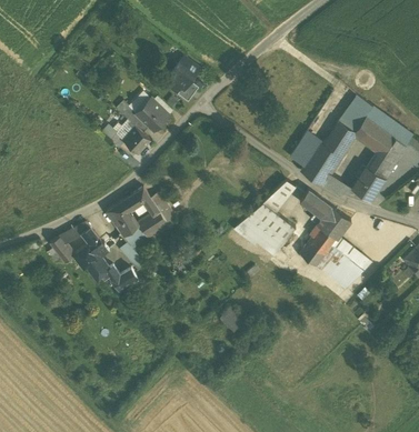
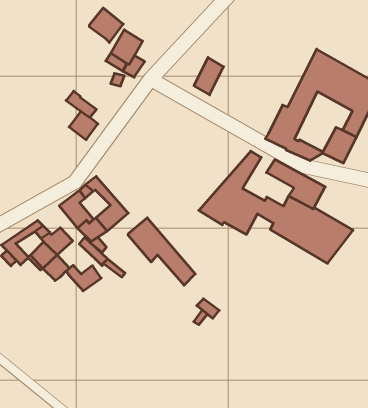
building: [137,99,168,131] -> [89,8,123,43]
building: [291,131,320,165] -> [194,57,224,95]
building: none -> [128,218,195,285]

